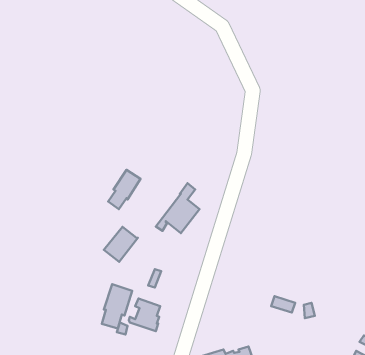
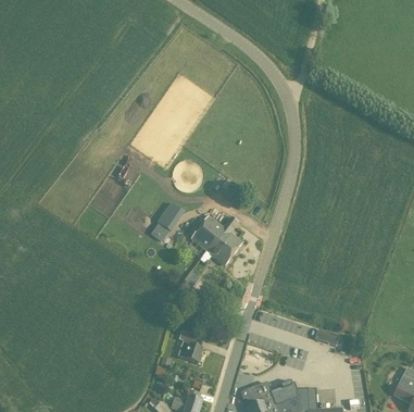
building: [104,227,138,262] -> [190,215,224,250]
building: [102,284,132,328] -> none

